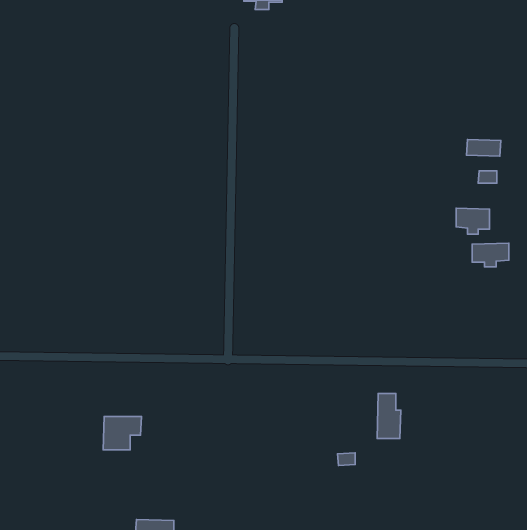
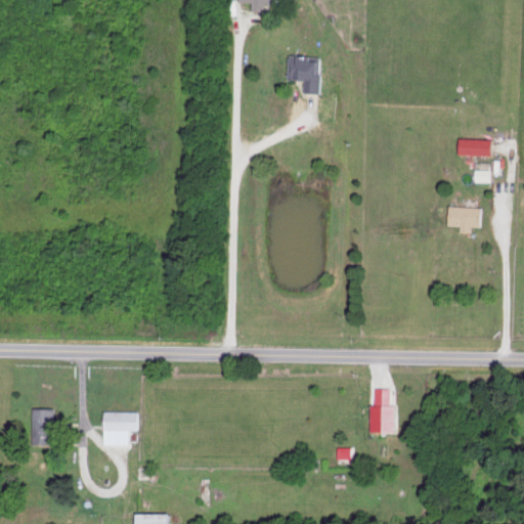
building: none -> [289,57,320,94]
building: [472,243,509,267] -> none
building: none -> [33,408,54,444]

